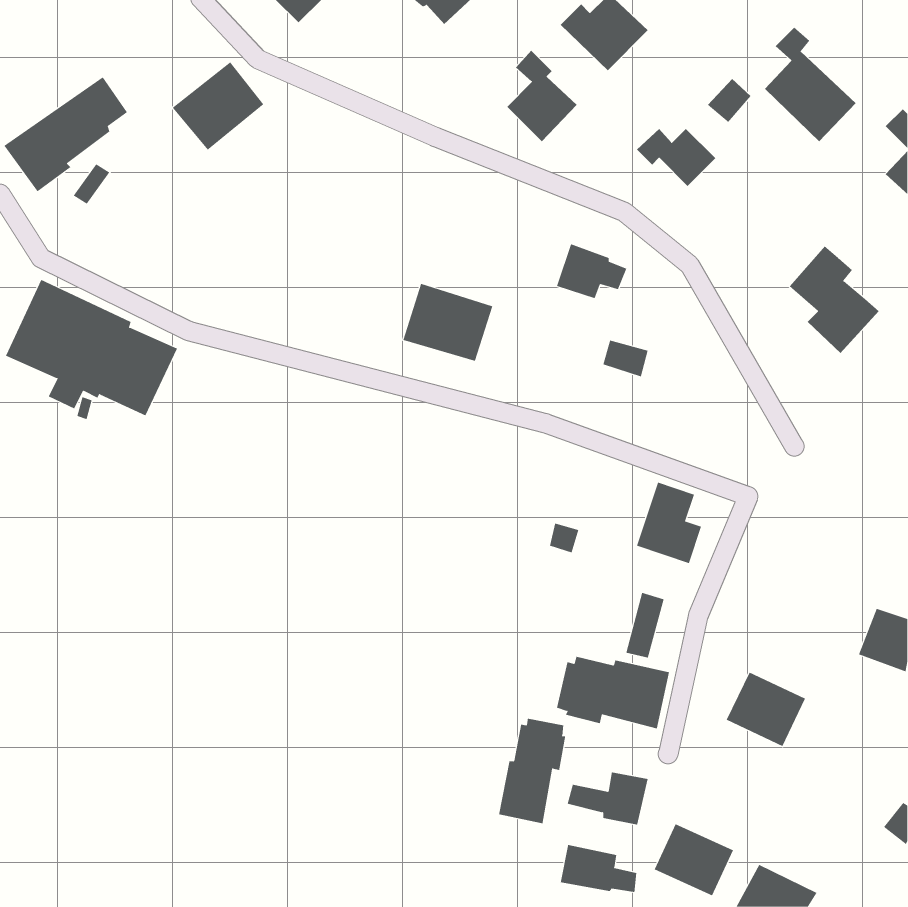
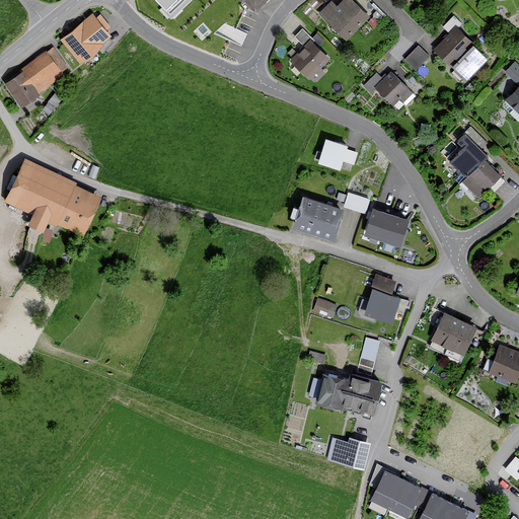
building: [172,62,264,151] -> [60,9,113,60]
building: [403,283,493,361] -> [293,197,345,241]
building: none -> [365,209,410,247]
building: [726,672,806,747] -> [431,314,476,357]
building: [498,718,566,824] -> none
building: [560,844,637,893] -> none

